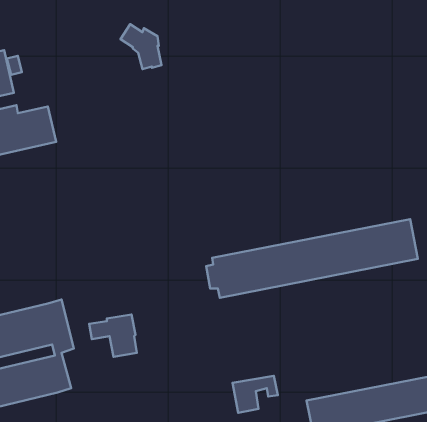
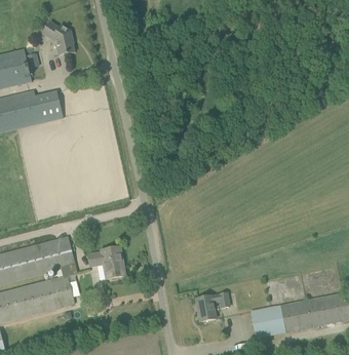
building: [121,24,162,69] -> [42,22,73,55]
building: [206,219,418,298] -> none

